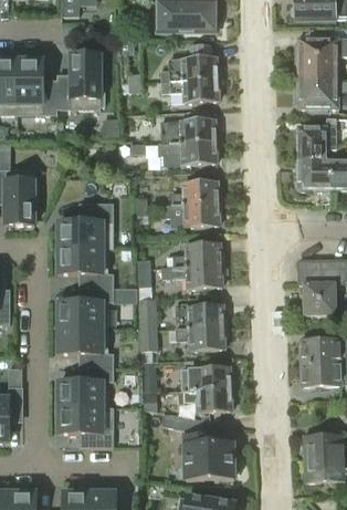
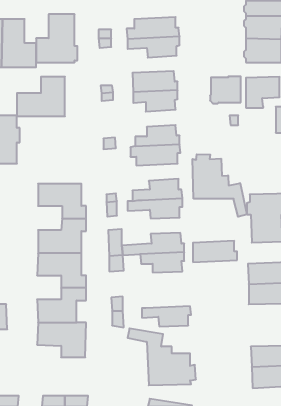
building: [296,159,332,190] -> [210,76,241,103]
building: [59,202,114,248] -> [17,77,65,116]
building: none -> [193,154,247,217]
building: [182,366,233,391] -> [193,241,237,262]

